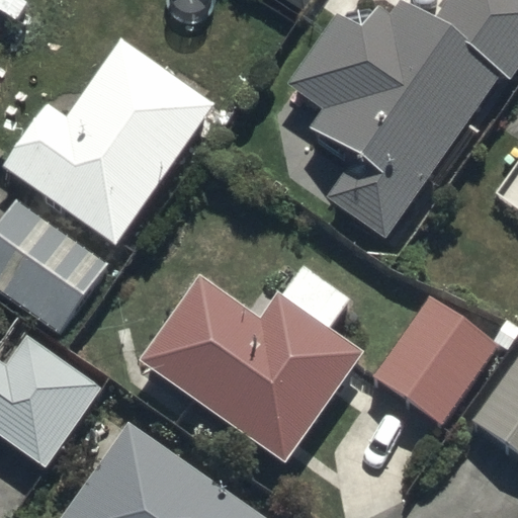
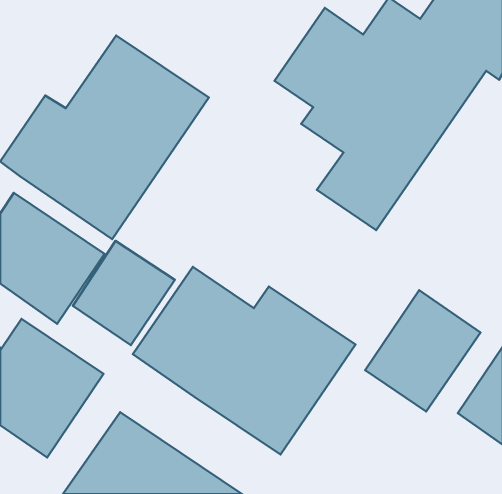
building: none -> [73,241,175,345]

